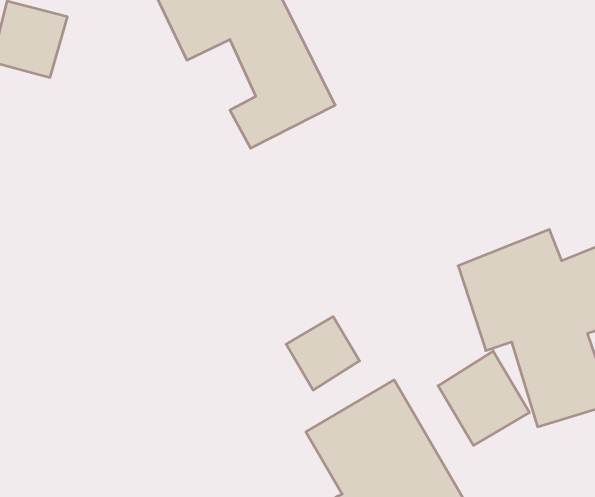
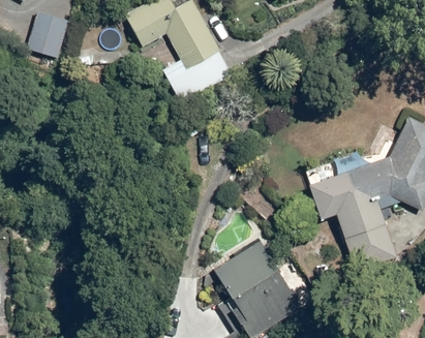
building: [286,317,360,390] -> none
building: [438,351,529,445] -> none

